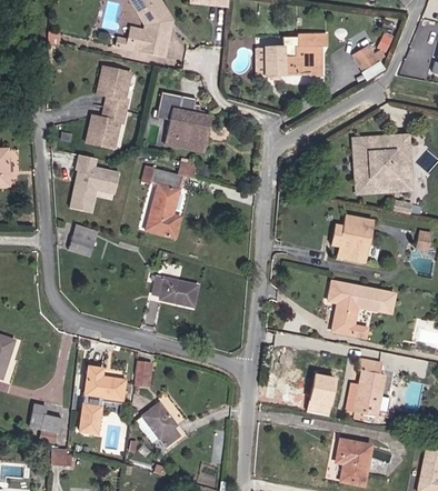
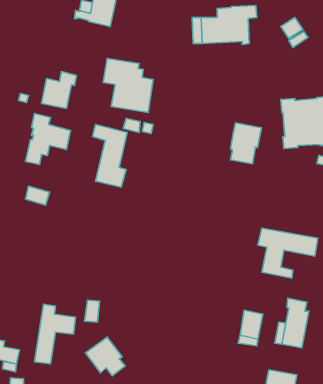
building: [97,66,131,111] -> none
building: [339,216,374,261] -> [230,123,261,164]
building: [152,274,198,305] -> none

